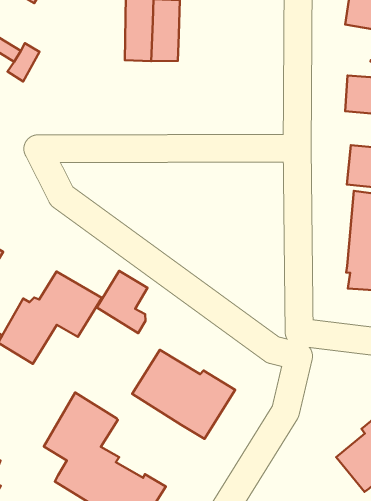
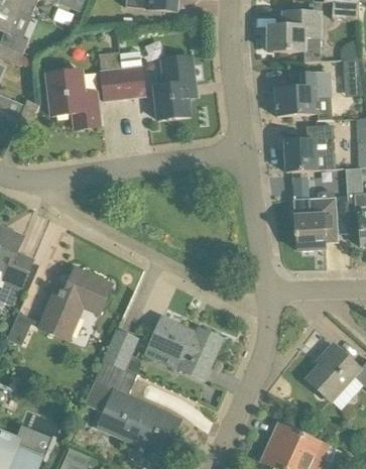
building: none -> [47,68,100,128]
building: none -> [153,55,195,118]
building: [97,271,147,333] -> [102,327,140,372]

